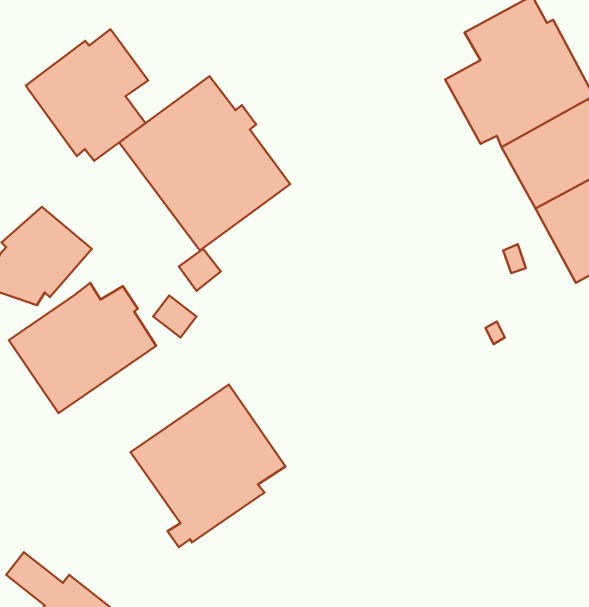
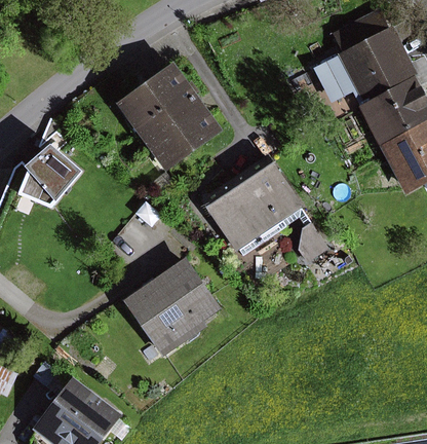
building: [26,29,148,161] -> none
building: none -> [202,157,328,263]
building: [9,283,156,413] -> none

